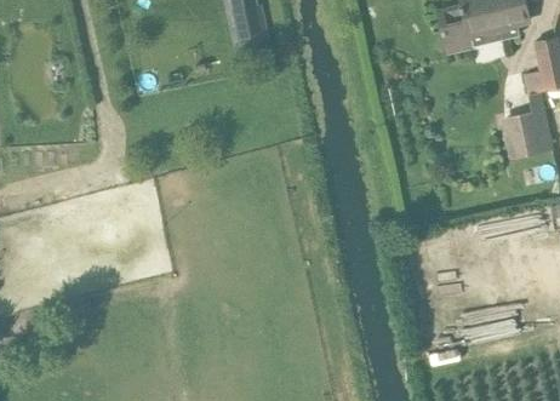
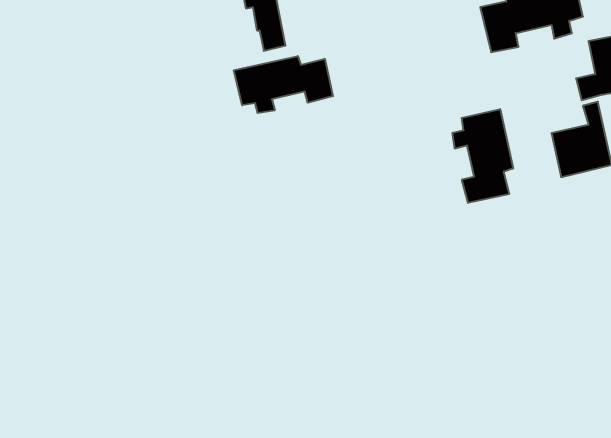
building: none -> [234,56,333,113]
building: none -> [453,109,513,203]

